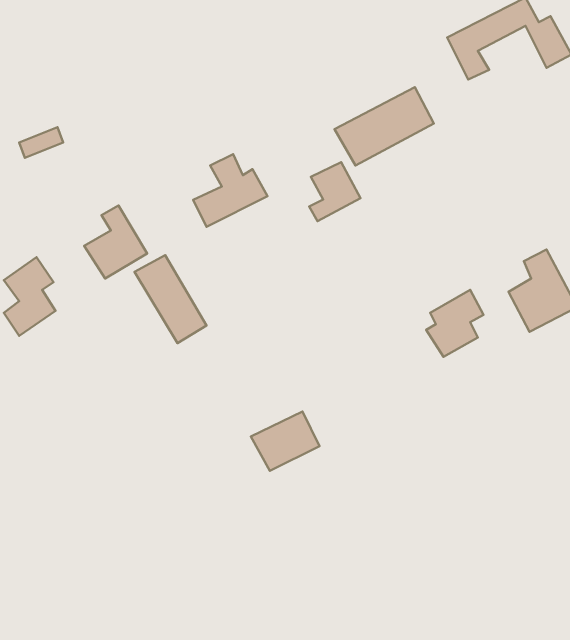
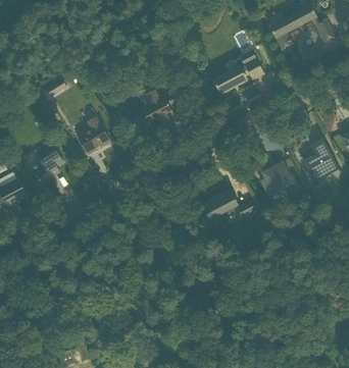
building: [309,162,361,221] -> none
building: [135,255,207,343] -> none
building: [251,412,320,471] -> [203,191,240,222]

